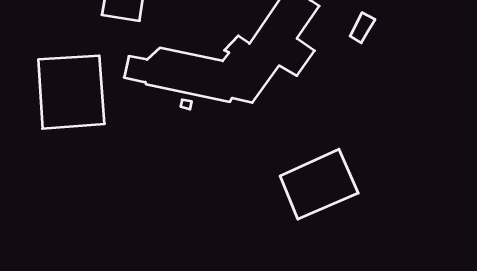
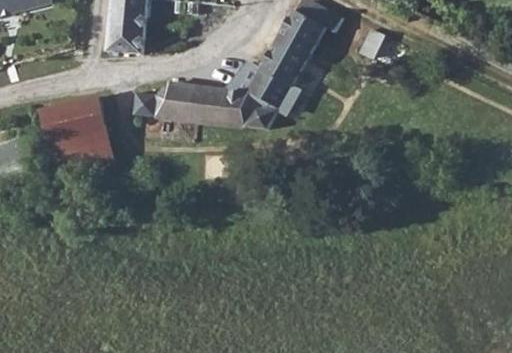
building: [280,149,358,219] -> none

